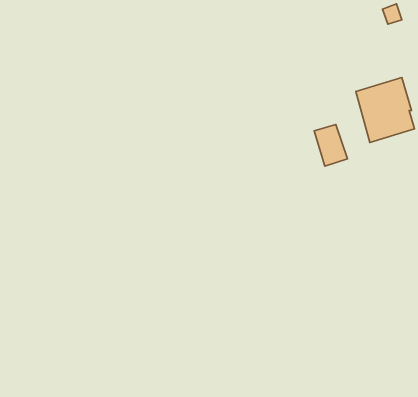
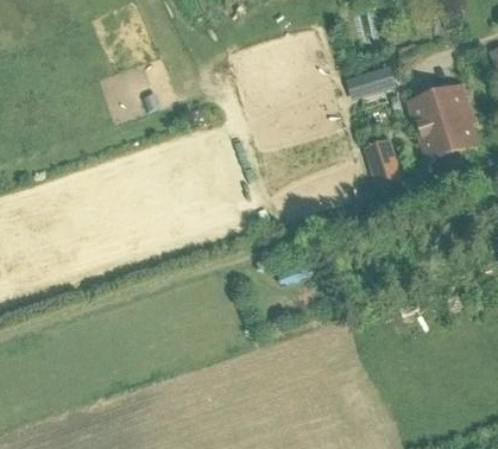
building: none -> [346,61,397,95]

